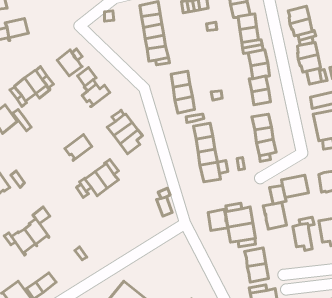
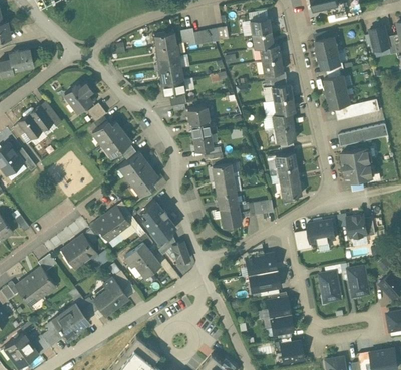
building: [65,135,92,161] -> [101,130,130,158]
building: none -> [142,201,174,242]
building: none -> [60,235,96,269]
building: none -> [125,240,164,278]
building: [263,203,286,229] -> none
building: [208,209,228,230] -> none
building: none -> [96,277,133,317]
building: none -> [58,303,93,334]

